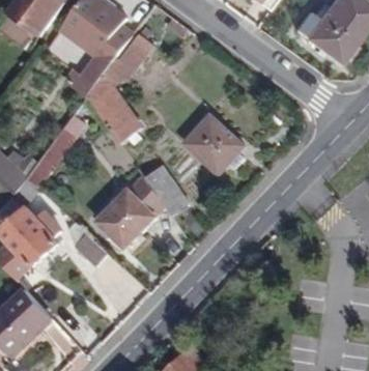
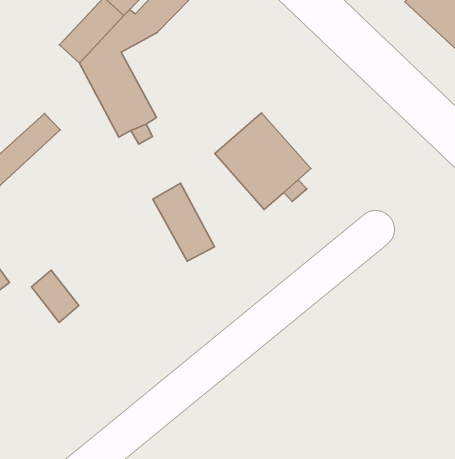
building: [97,191,155,248] -> none

